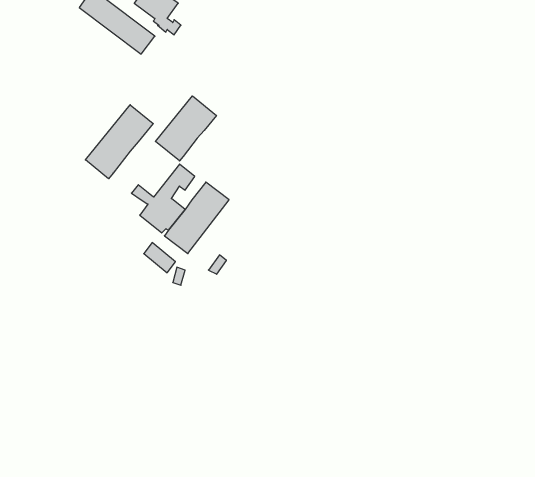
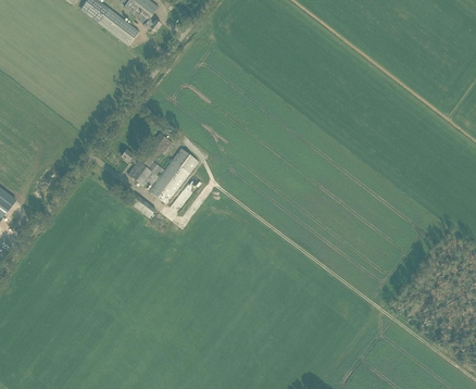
building: [155,96,216,161] -> none
building: [85,105,153,179] -> none

